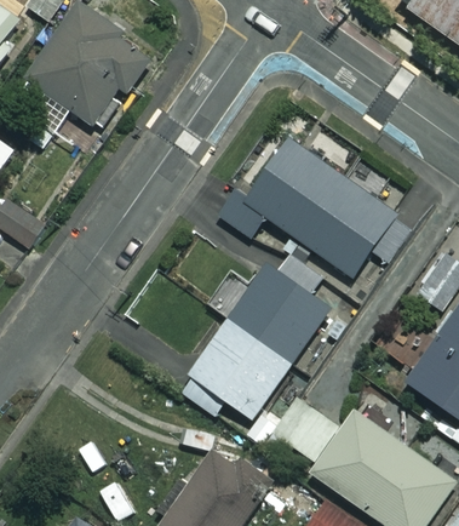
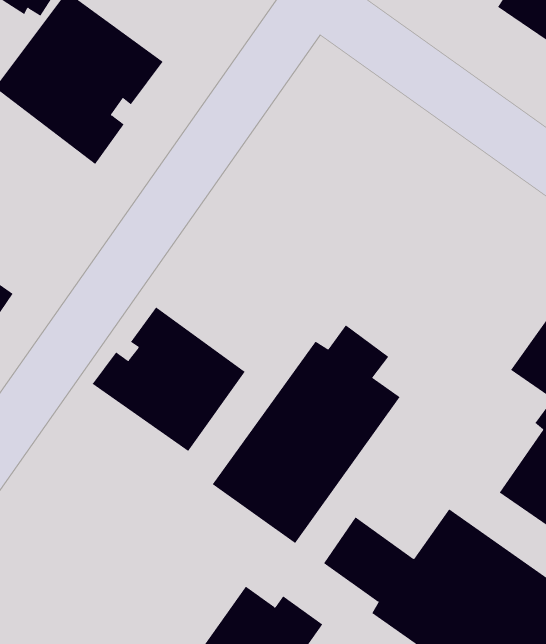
building: [218,138,413,276] -> none
building: none -> [92,306,246,452]

